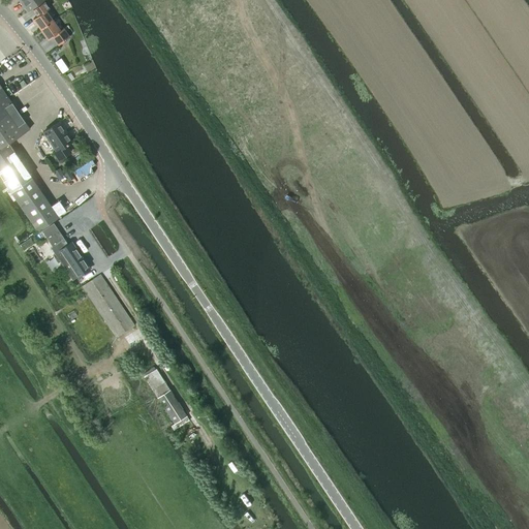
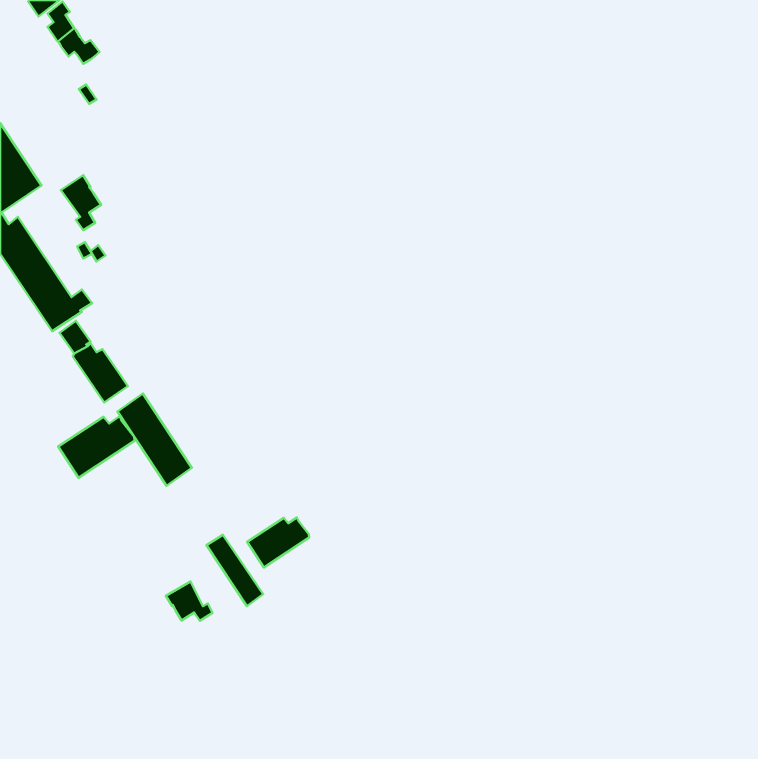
building: none -> [58,416,135,478]
building: none -> [247,517,309,567]
building: none -> [166,581,212,621]

